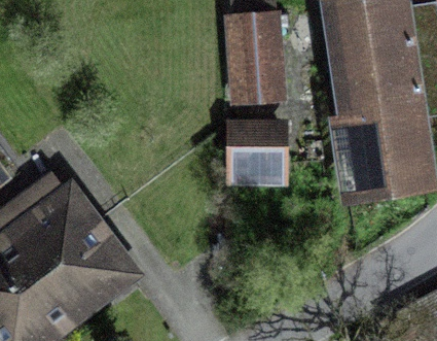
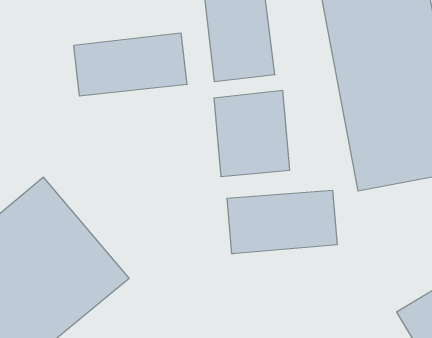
building: none -> [74,33,187,96]
building: none -> [227,190,337,254]

